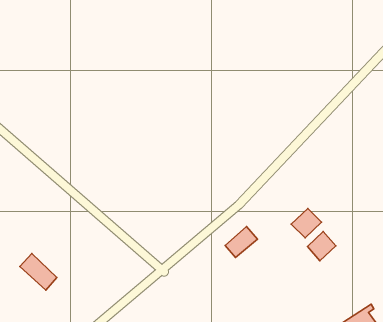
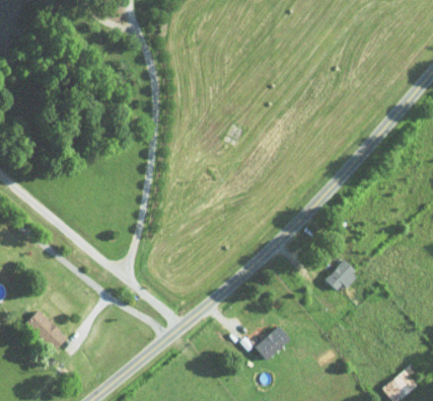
building: [225,226,257,258] -> [255,325,290,359]
building: [307,232,336,261] -> none

